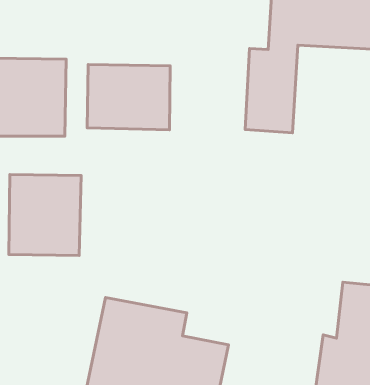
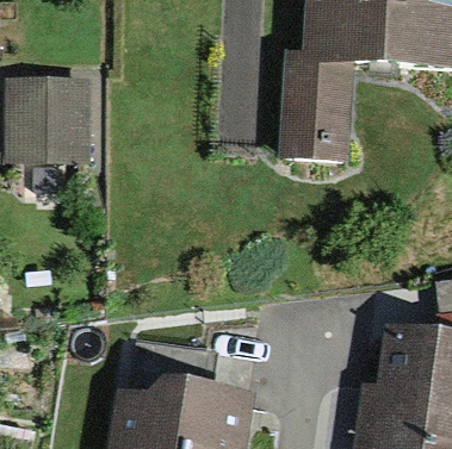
building: [87,65,170,130] -> none
building: [9,174,81,255] -> none

